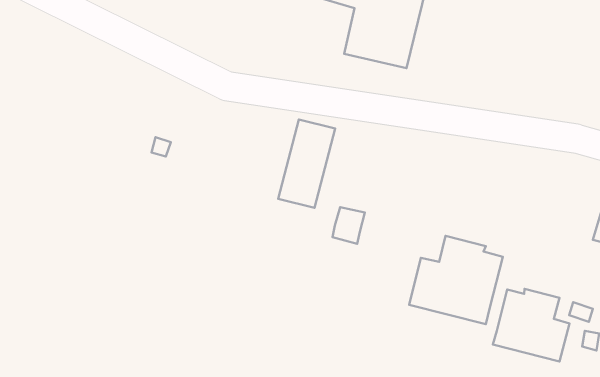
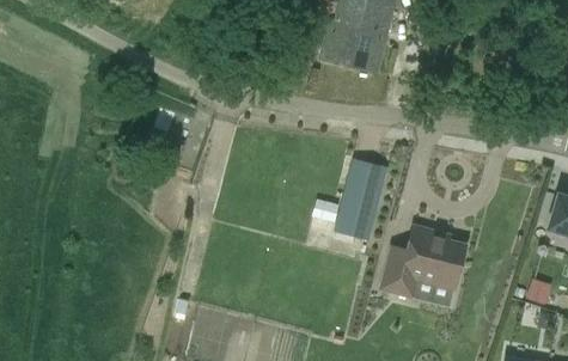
building: [278,119,335,208] -> [335,158,387,239]
building: [493,289,570,361] -> none

